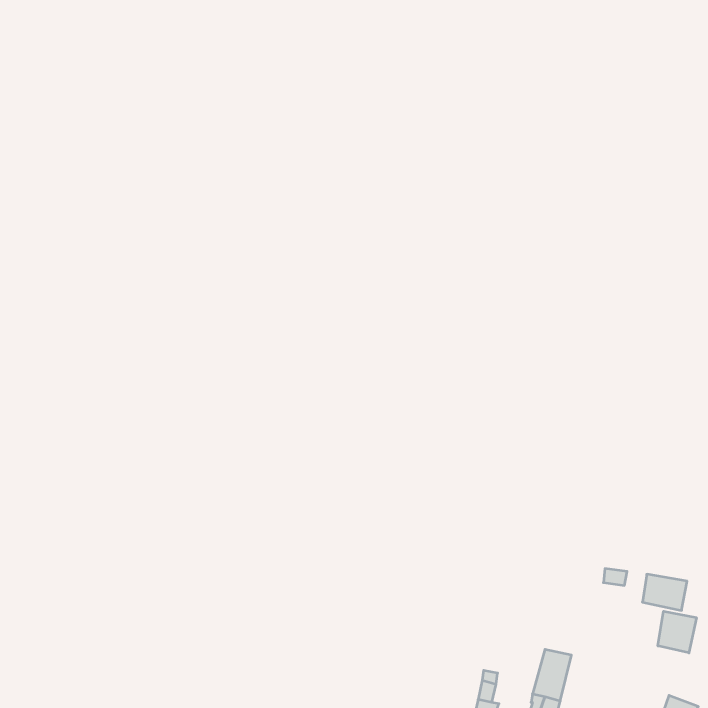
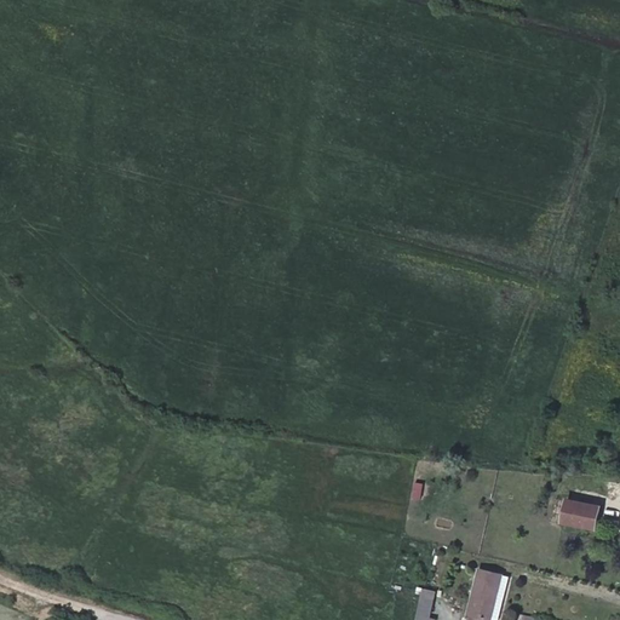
building: [658,611,696,653] -> none

